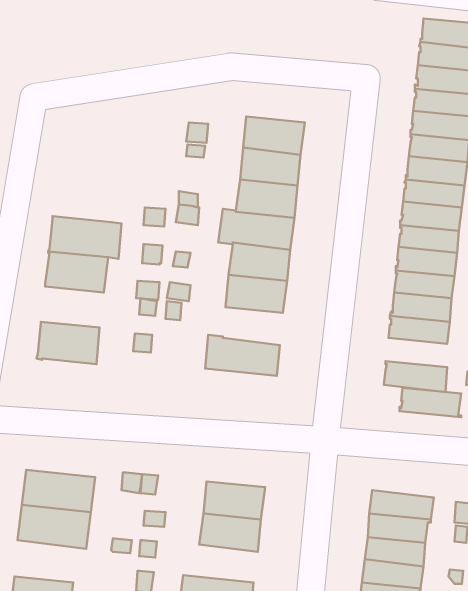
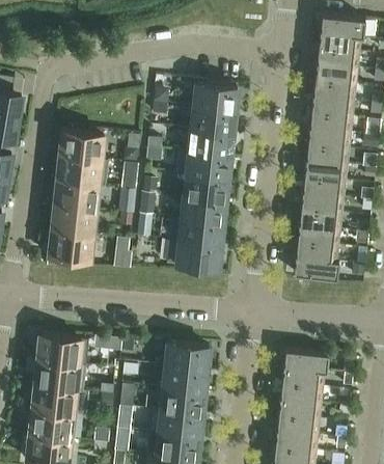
building: none -> [59,132,104,161]
building: none -> [51,207,95,236]
building: none -> [180,221,222,248]
building: [400,388,461,417] -> [295,243,338,264]
building: none -> [32,386,83,416]
building: none -> [152,389,204,416]

